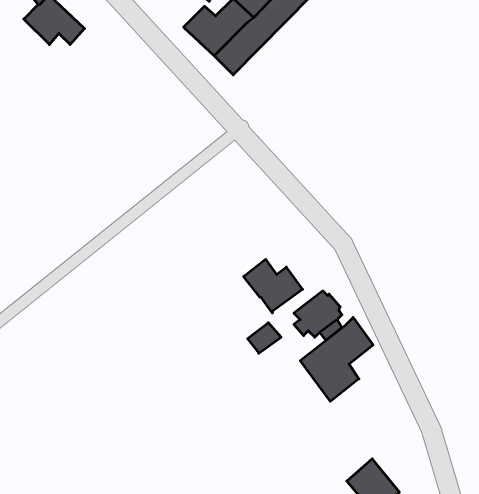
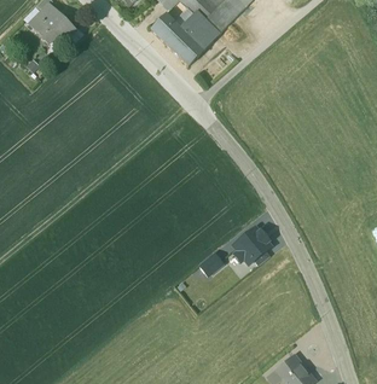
building: [244,259,303,313] -> none
building: [300,317,373,401] -> none

